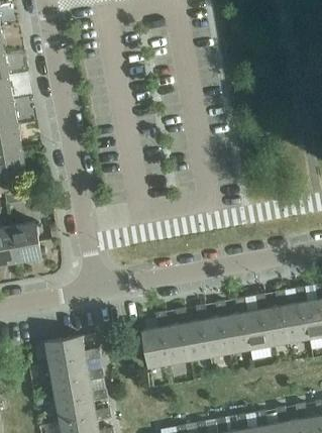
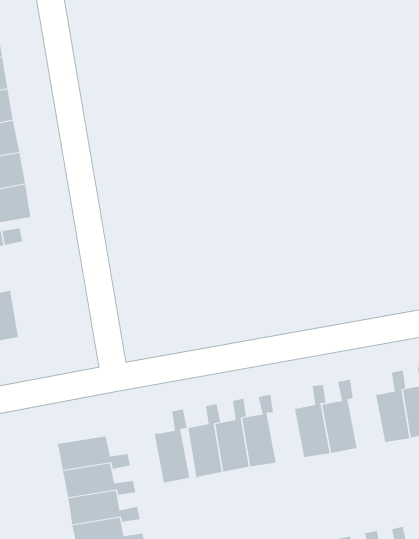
building: [10,223,41,262] -> none
building: [262,291,290,345] -> none
building: [202,301,229,356] -> [154,409,190,483]

